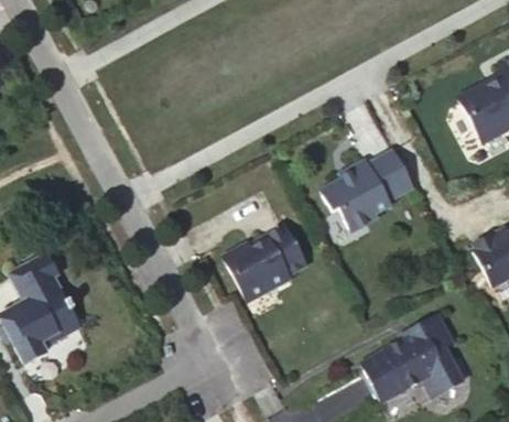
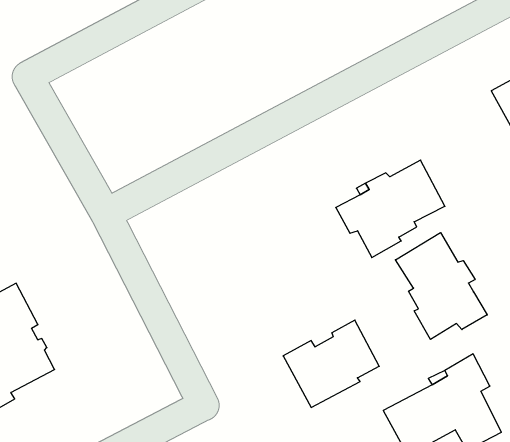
building: none -> [395,233,487,339]
building: [225,226,307,301] -> [283,320,379,407]

